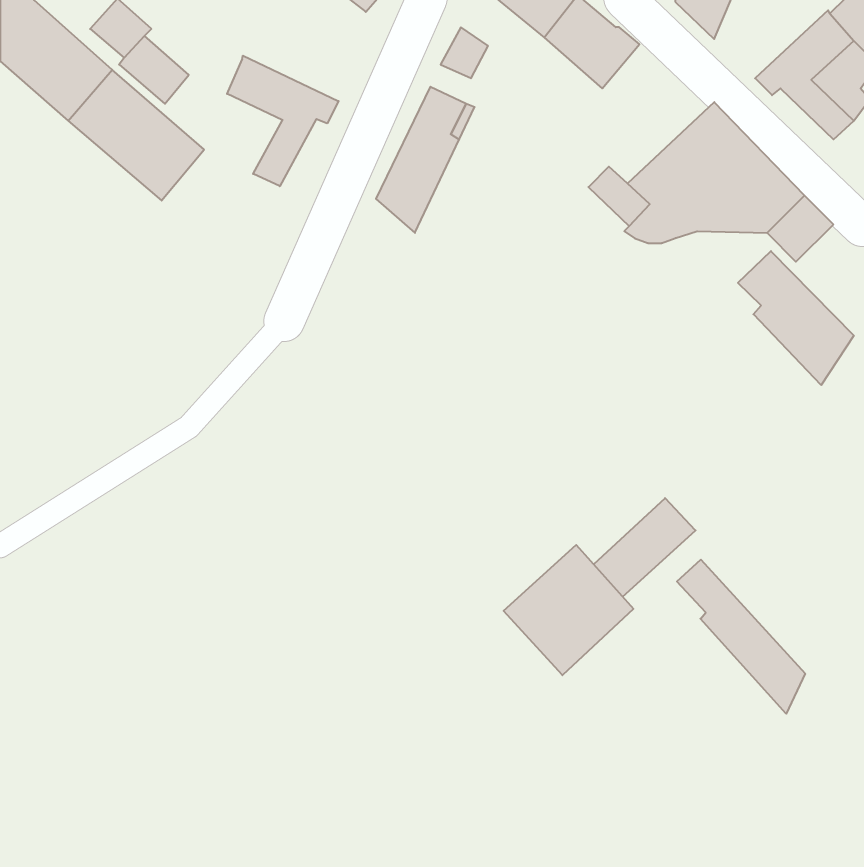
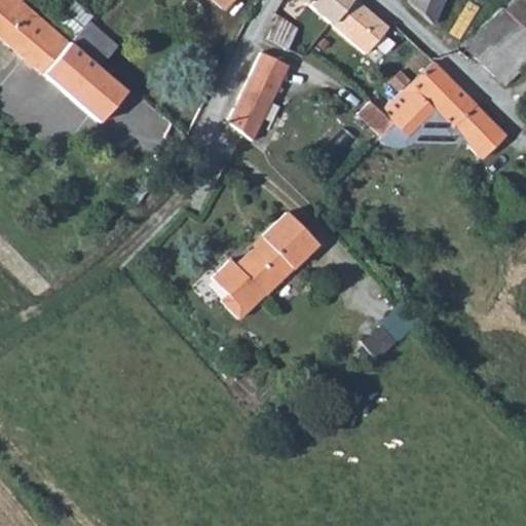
building: [227,56,339,186] -> none
building: [738,251,854,385] -> none
building: none -> [213,212,317,318]
building: [504,545,633,675] -> none
building: [677,560,805,714] -> none

